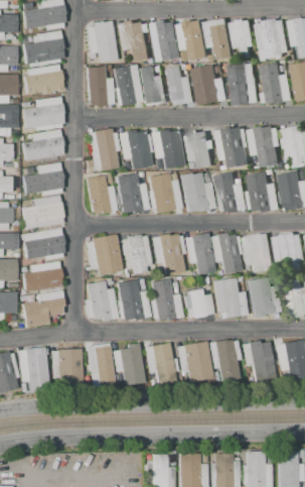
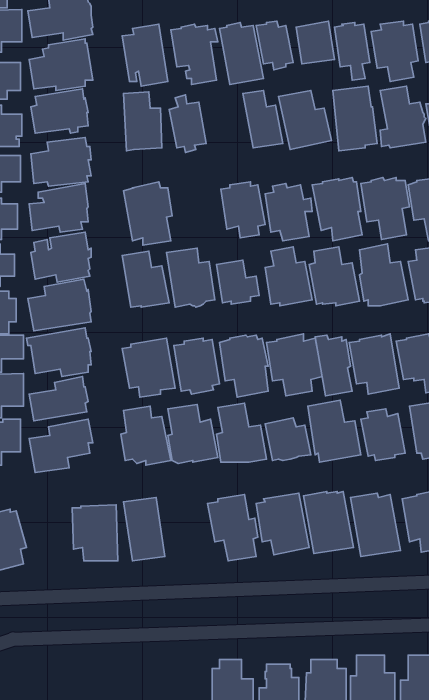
building: [139,66,168,106] -> none
building: [121,129,151,161] -> none
building: [111,343,145,382] -> none
building: [18,348,49,390] -> none

